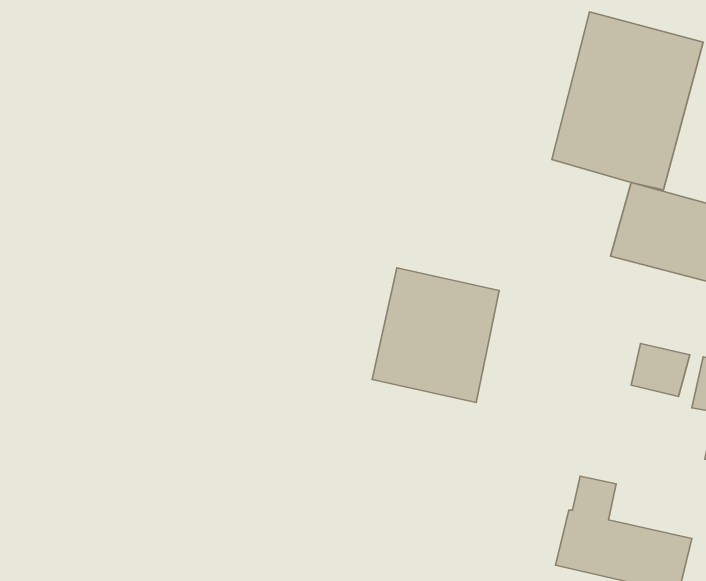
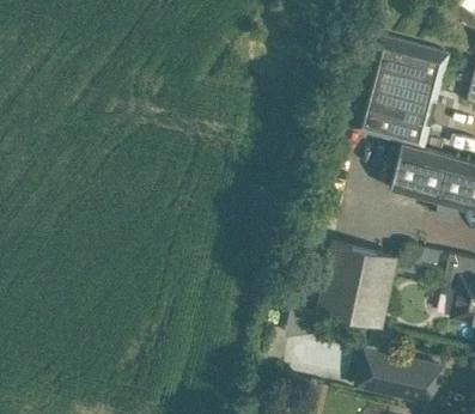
building: [372,268,499,402] -> [317,243,397,328]

